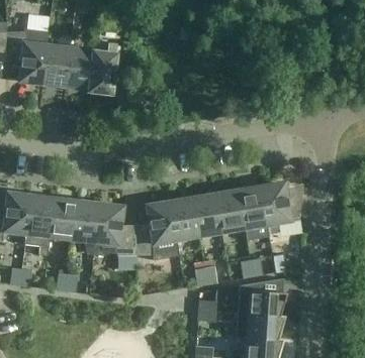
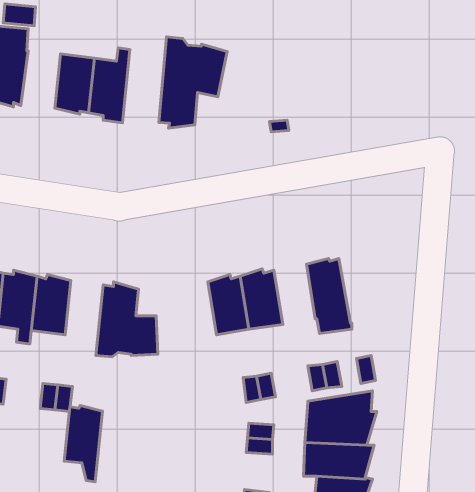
building: none -> [159,37,227,128]
building: [41,44,69,86] -> none
building: [260,183,299,231] -> none
building: [215,190,244,232] -> none
building: [72,201,98,253] -> [64,405,102,482]
building: [134,202,176,252] -> none

